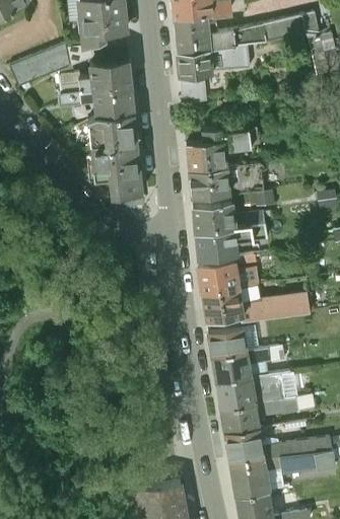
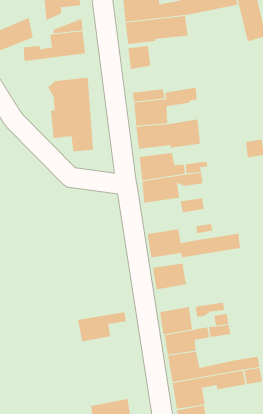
building: [57,88,134,120] -> none
building: [198,263,237,295] -> none
building: [211,350,268,384] -> [77,312,127,342]

